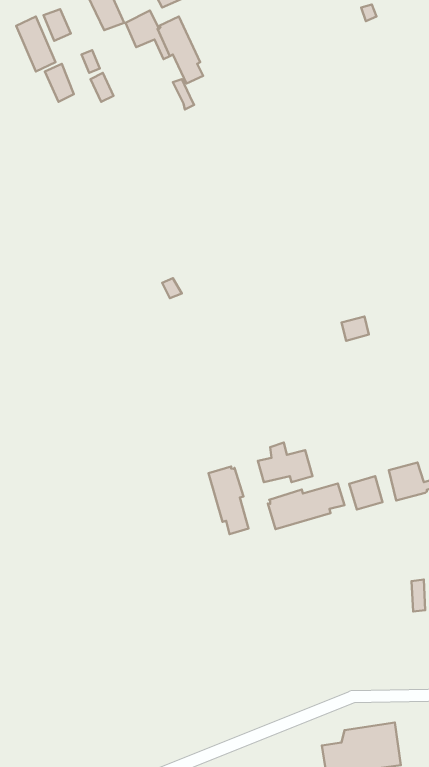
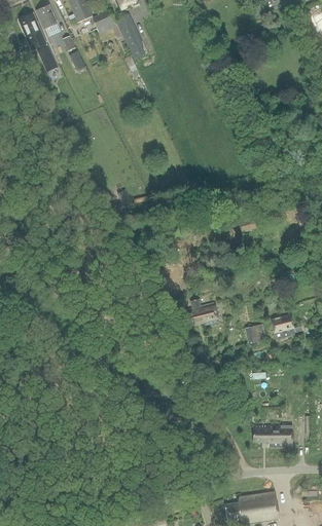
building: [209,466,249,534] -> none
building: [268,483,345,529] -> none
building: none -> [253,422,292,444]

